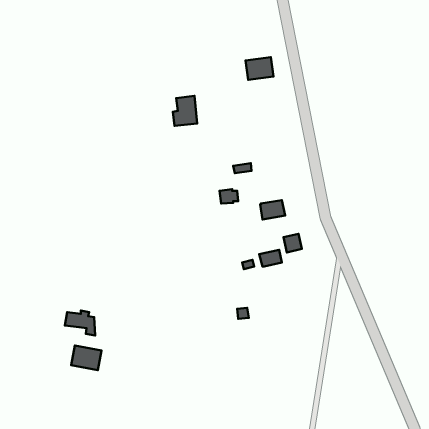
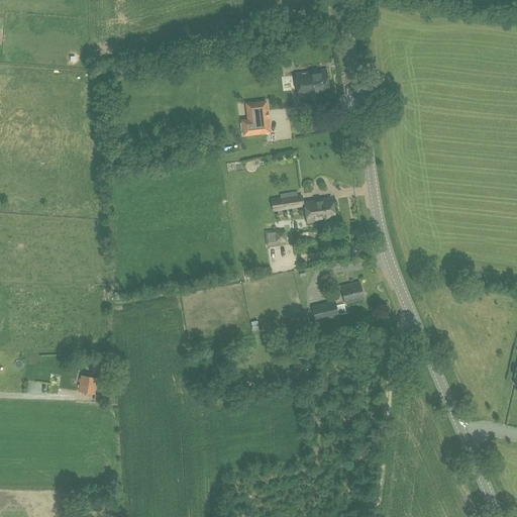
building: [173,96,197,126] -> [240,99,270,135]
building: [260,200,285,220] -> [304,198,334,221]
building: [71,346,101,370] -> none

